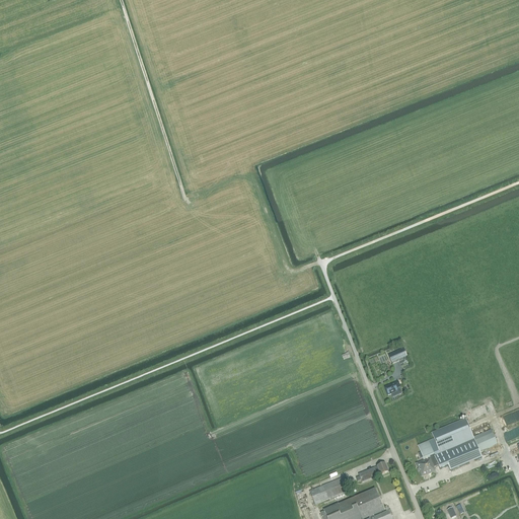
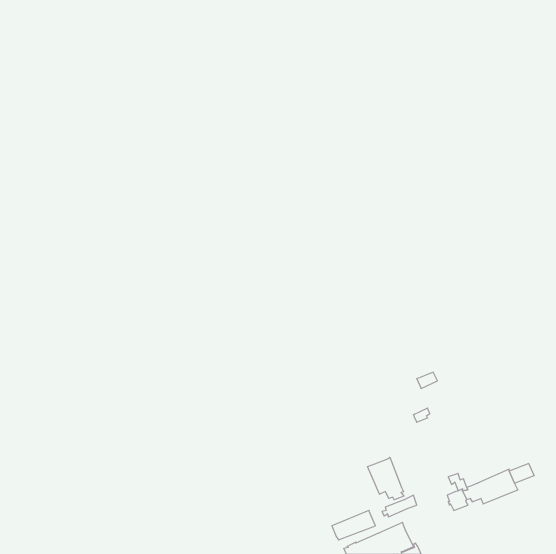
building: [432,418,474,452] -> none
building: none -> [367,457,404,500]

